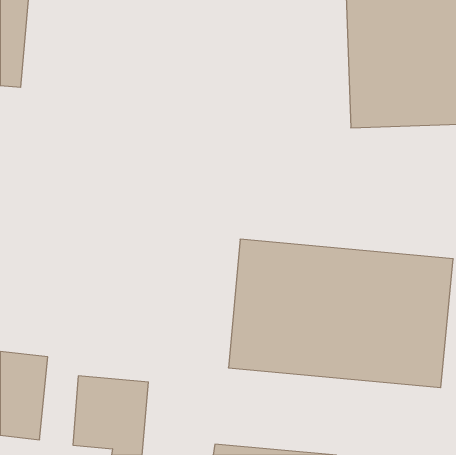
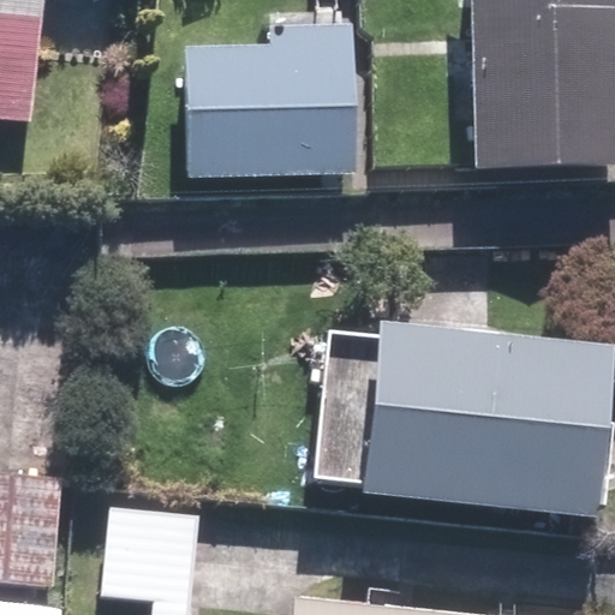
building: none -> [185,23,358,178]

